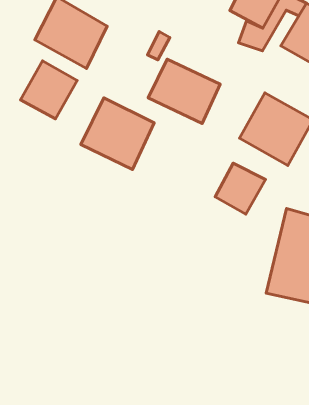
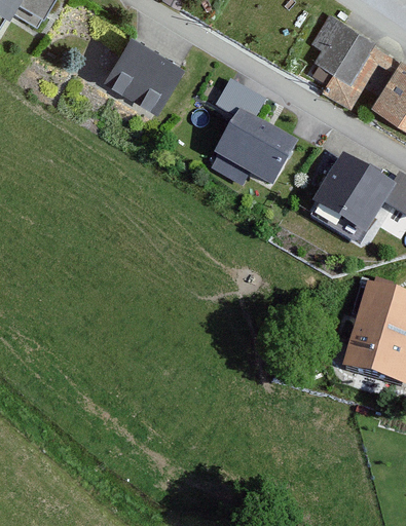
building: [21,61,77,119] -> none
building: [81,98,154,169] -> none
building: [215,163,265,214] -> none

